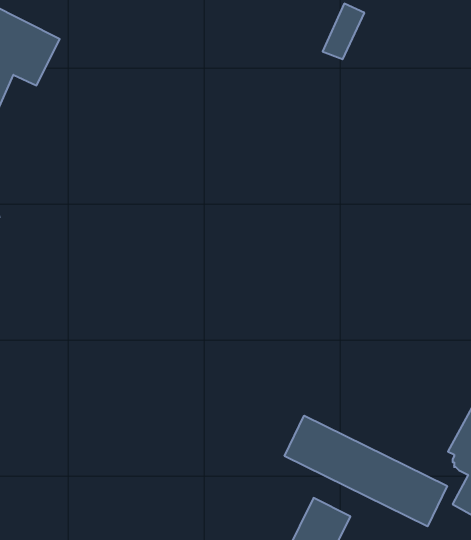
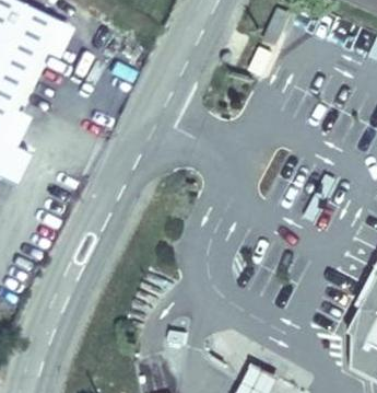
building: [285,416,447,526] -> none

